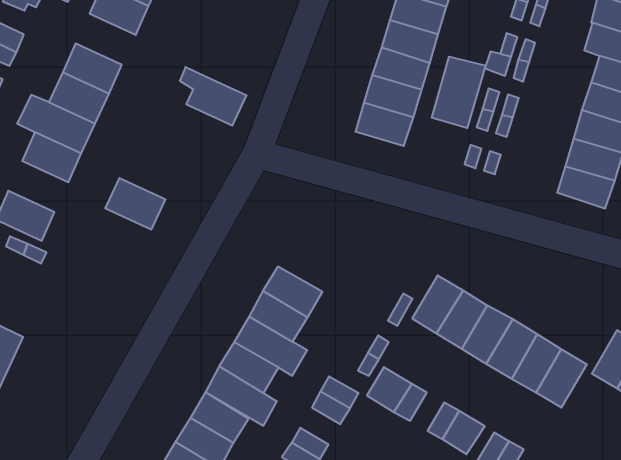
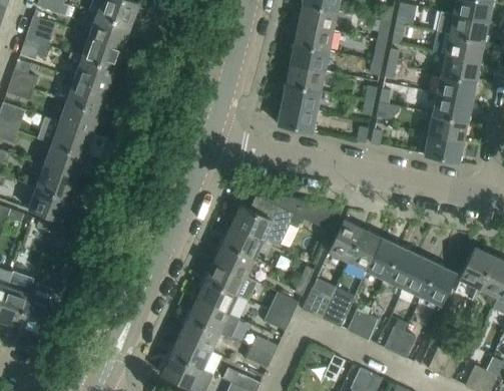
building: [432,57,486,128] -> none
building: [180,67,247,125] -> [68,53,116,91]
building: [105,178,166,229] -> [36,165,78,200]
building: none -> [231,196,295,246]

